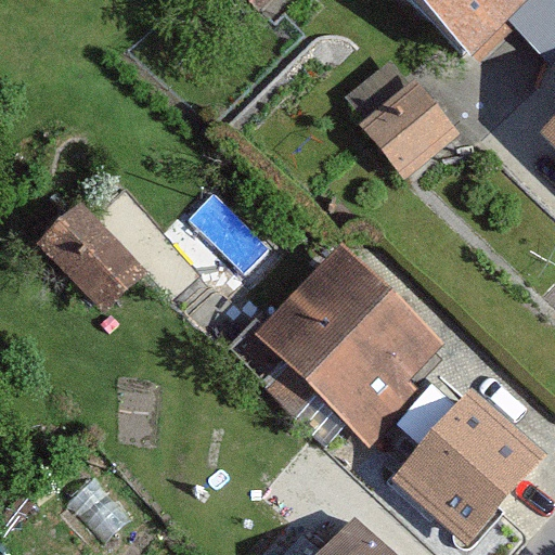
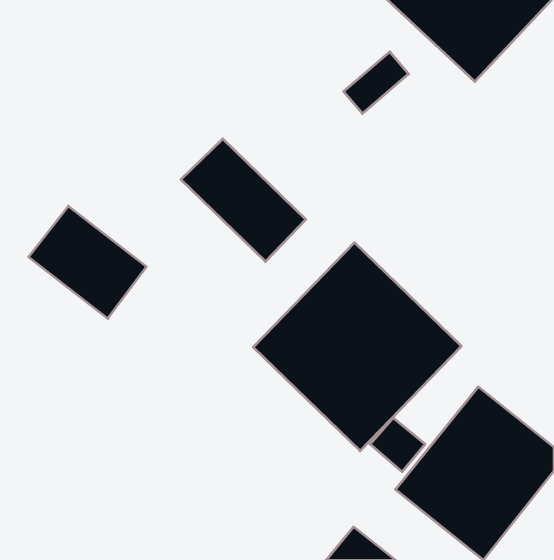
building: [356,72,459,173] -> none
building: none -> [181,139,306,262]

